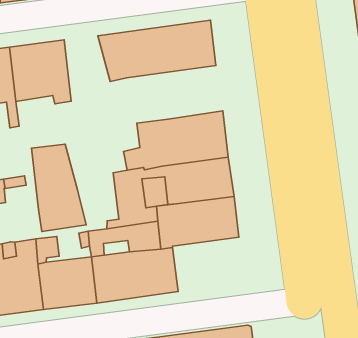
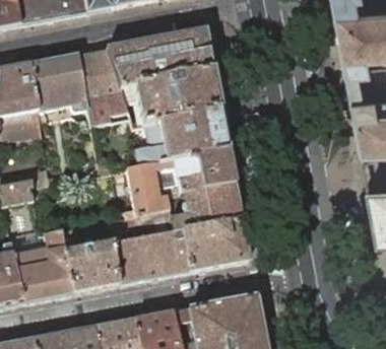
building: none -> [134,68,220,124]
building: [32,144,86,232] -> [77,48,129,126]
building: none -> [183,218,249,269]

